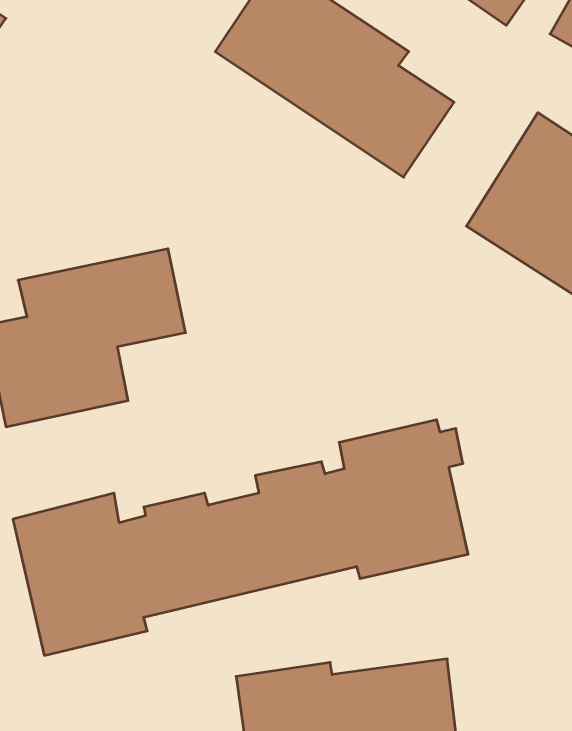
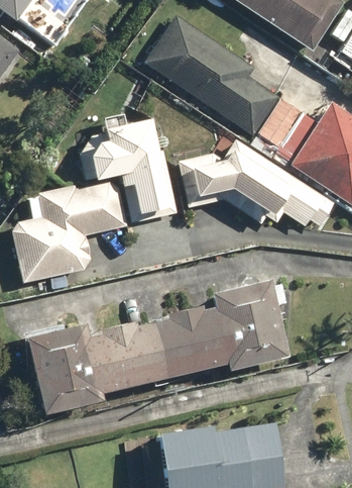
building: none -> [258,94,319,158]
building: none -> [73,119,178,224]
building: none -> [178,139,334,226]

